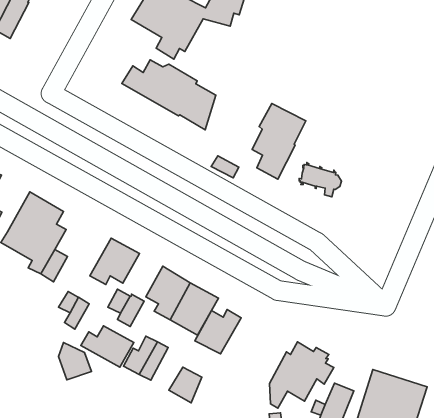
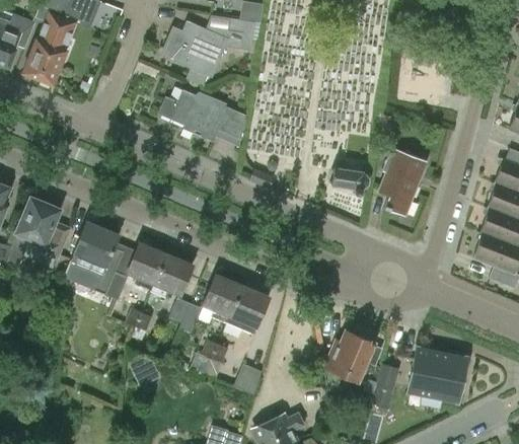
building: [252,103,306,179] -> [378,148,424,216]
building: none -> [127,243,165,291]
building: [195,310,241,354] -> none
building: [81,326,134,367] -> none

